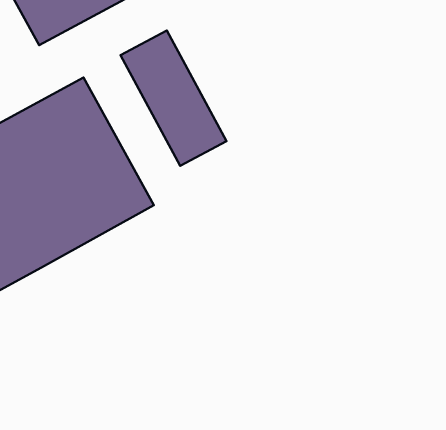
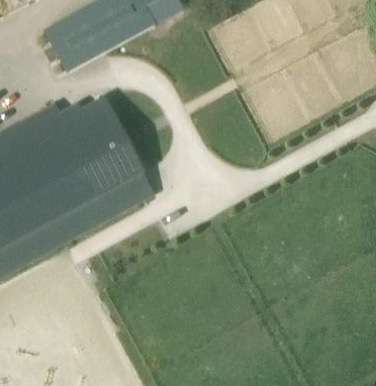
building: [120,30,227,166] -> none

